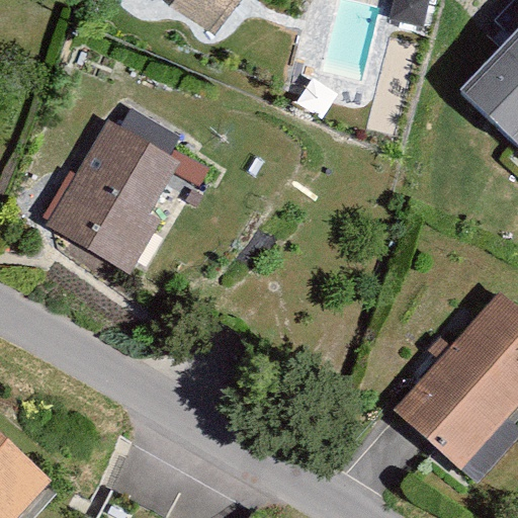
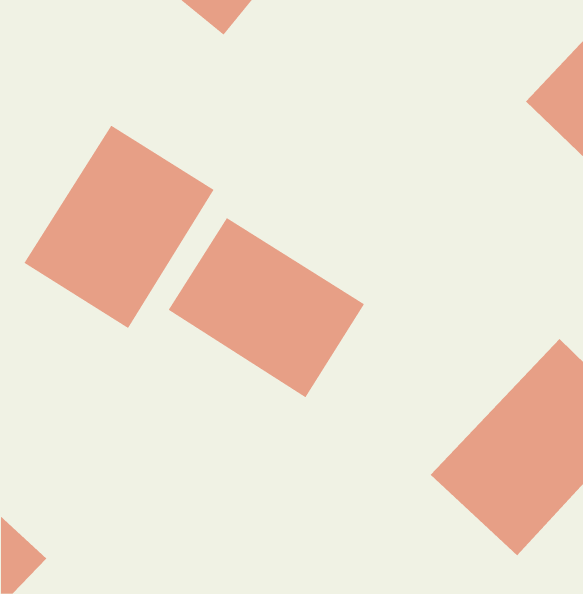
building: none -> [168,217,365,398]

